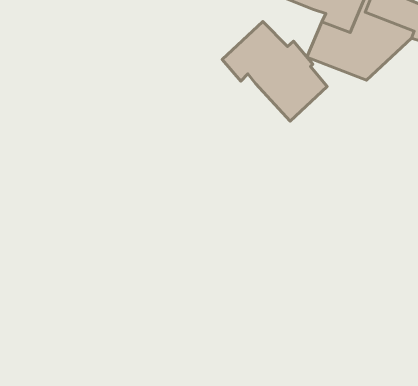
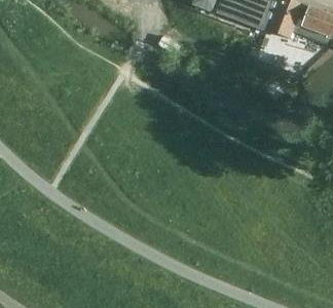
building: [222,22,327,121] -> none

